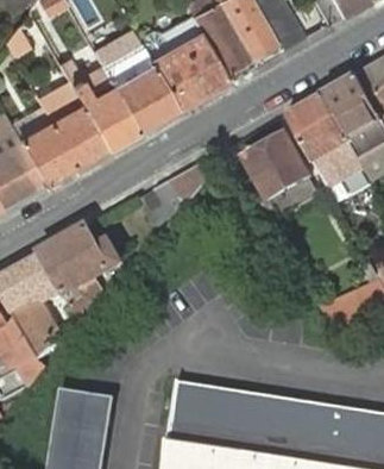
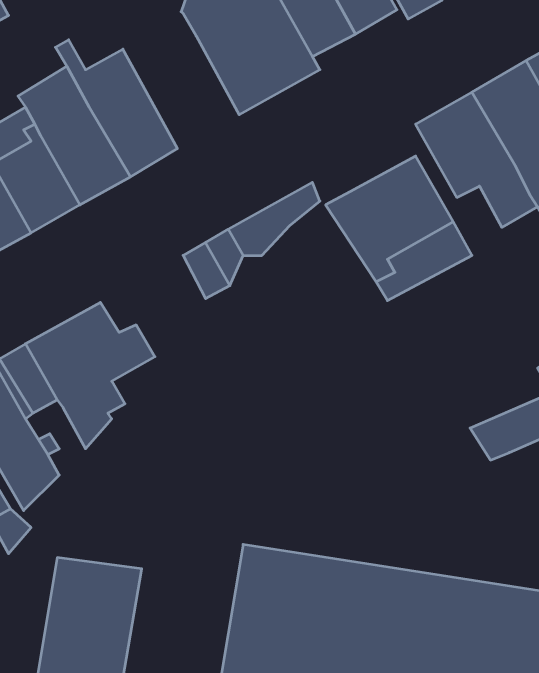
building: [102,45,176,131] -> none

